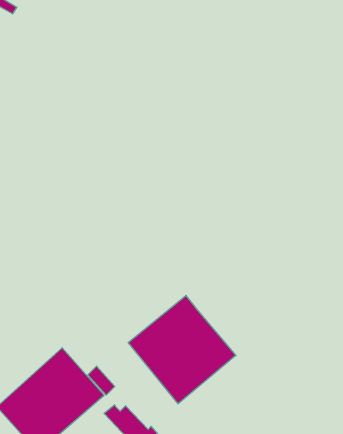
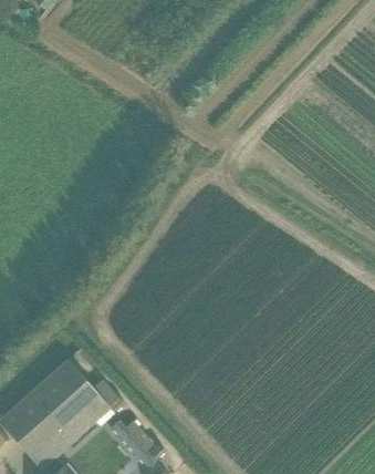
building: [128,295,236,404] -> none

